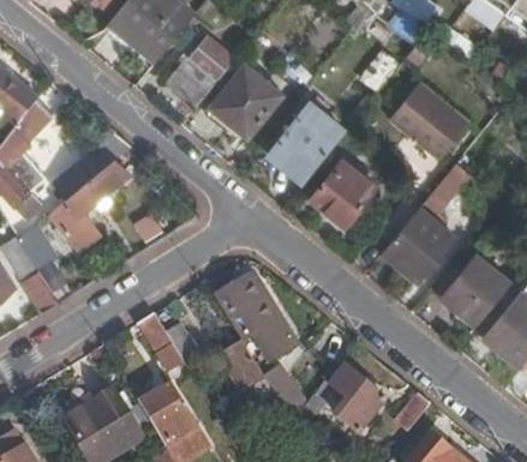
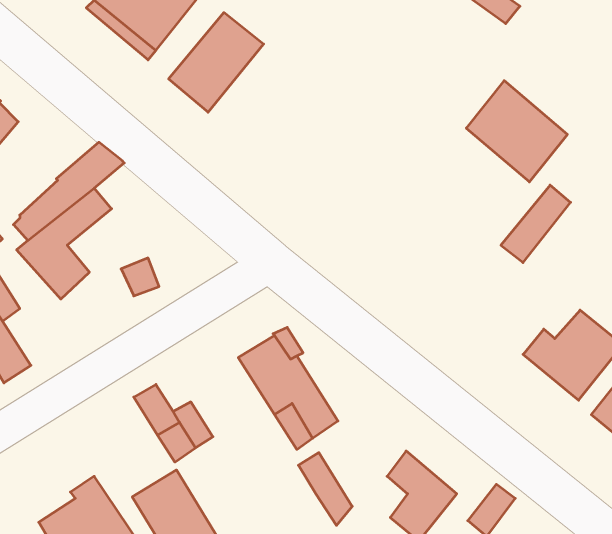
building: [212,67,282,139] -> none
building: [275,106,347,180] -> none
building: [313,162,379,228] -> none
building: [383,208,455,281] -> none
building: [222,340,279,409] -> none

